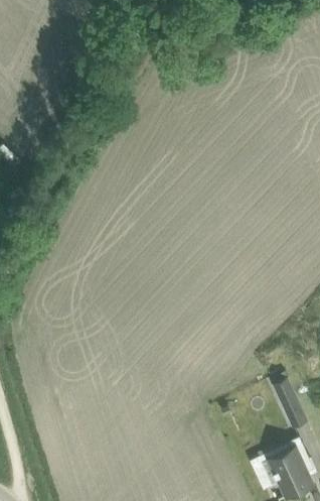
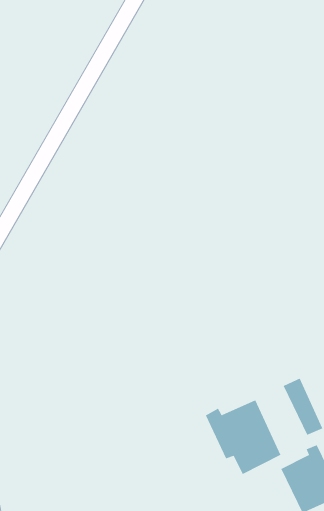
building: none -> [205,399,281,475]

